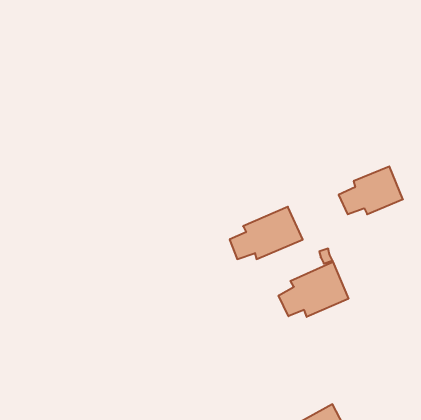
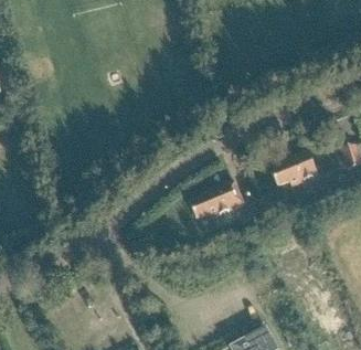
building: [279,262,348,317] -> none

